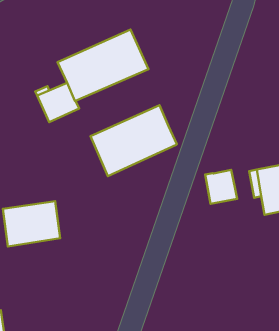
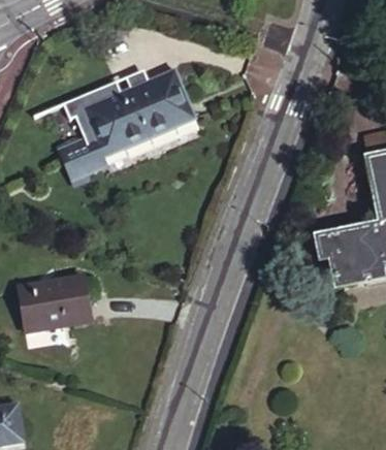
building: [90,105,177,176] -> none
building: [205,170,237,204] -> none

